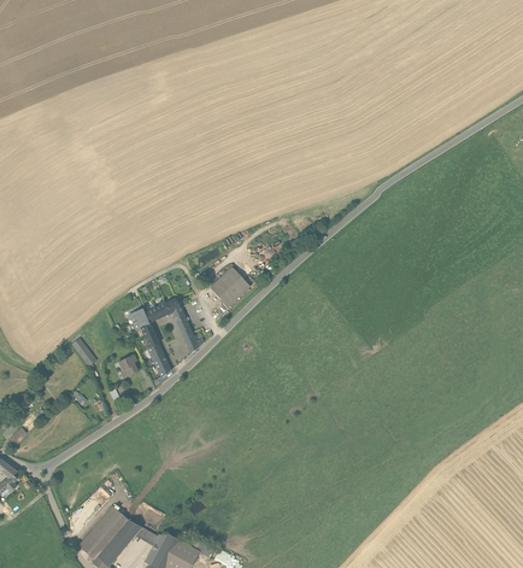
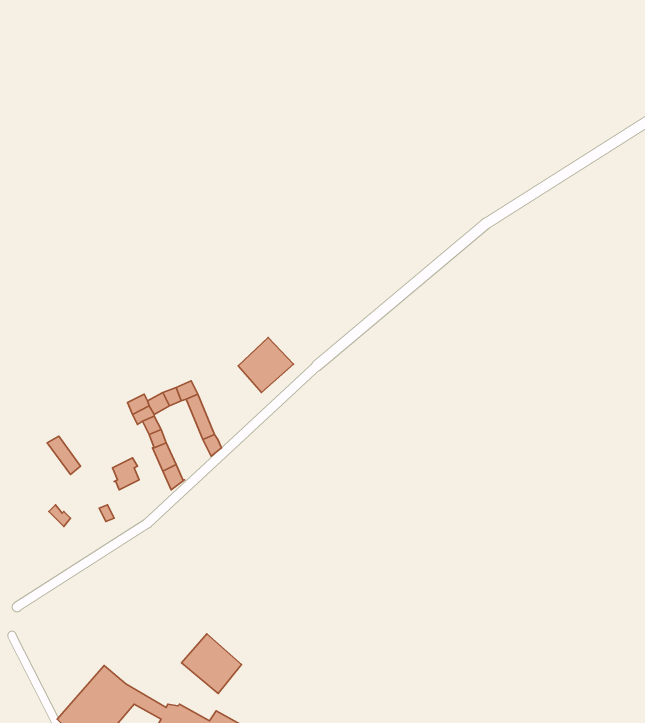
building: none -> [181,634,242,693]

